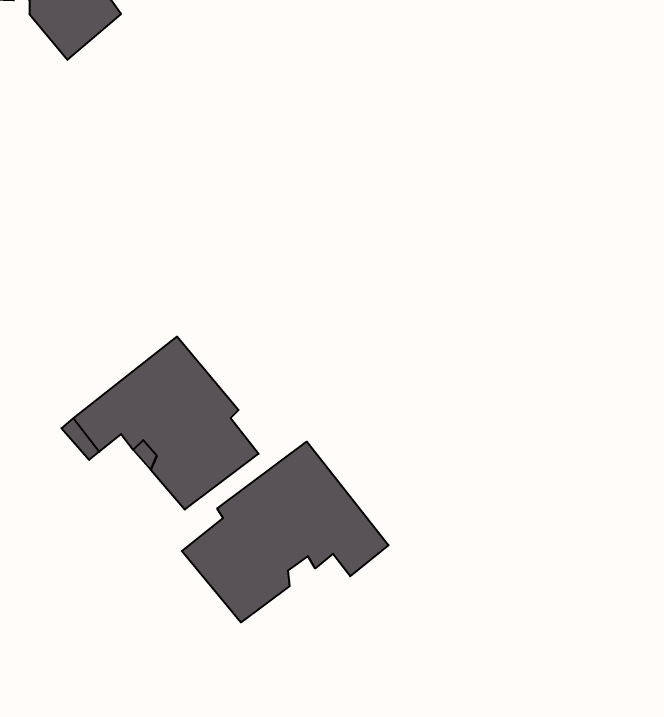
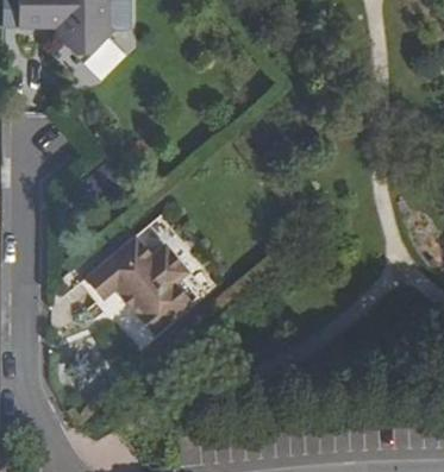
building: [182,442,389,622] -> none

